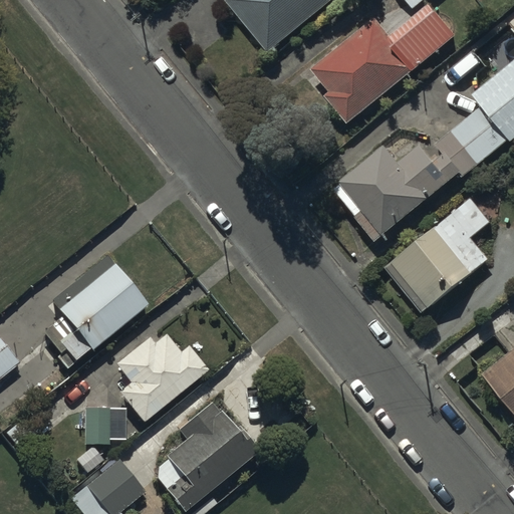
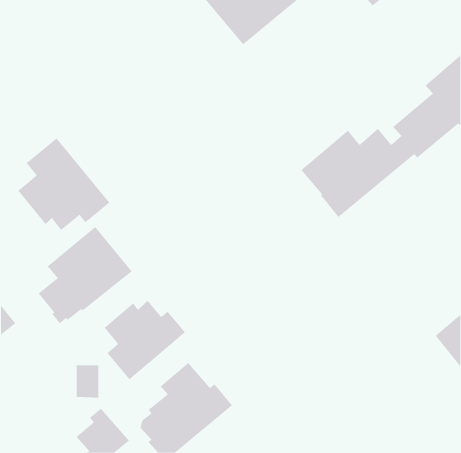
building: [312,4,457,123] -> none
building: none -> [18,137,110,231]
building: [388,193,490,310] -> none

